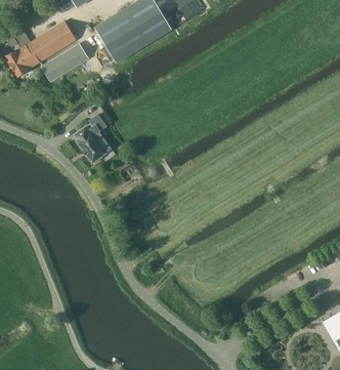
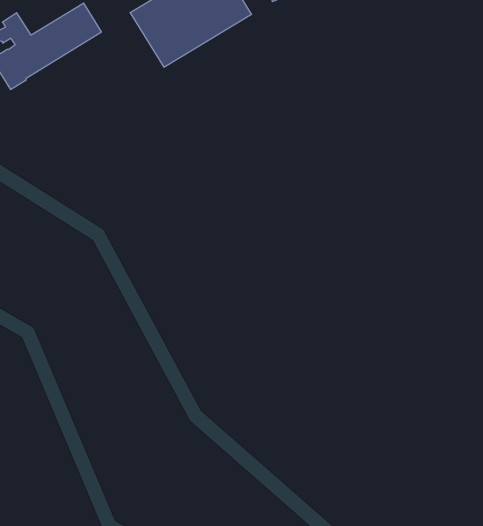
building: [44,43,90,80] -> none
building: [76,115,108,162] -> none

